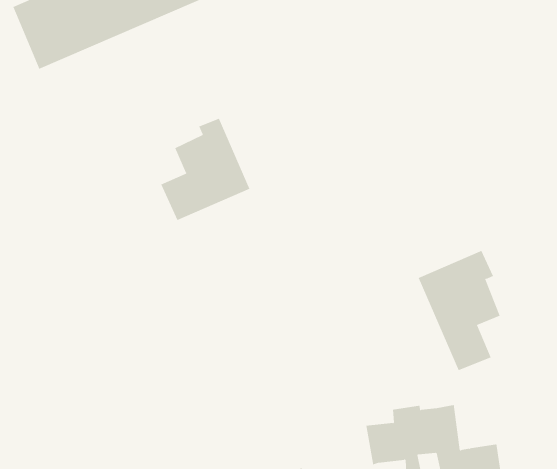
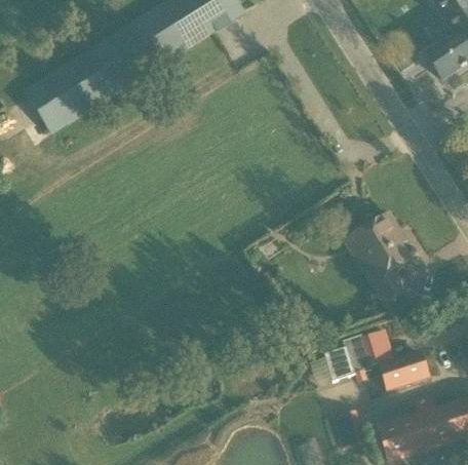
building: [160,118,250,221] -> none

